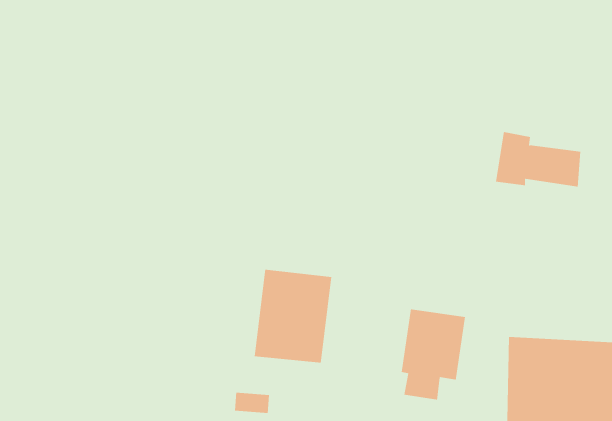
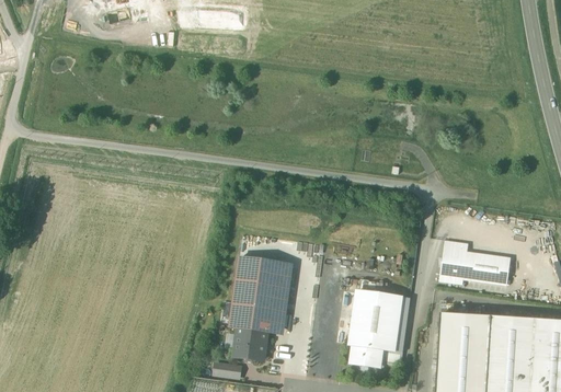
building: [495,132,581,187] -> [438,241,510,287]
building: none -> [230,333,268,364]

